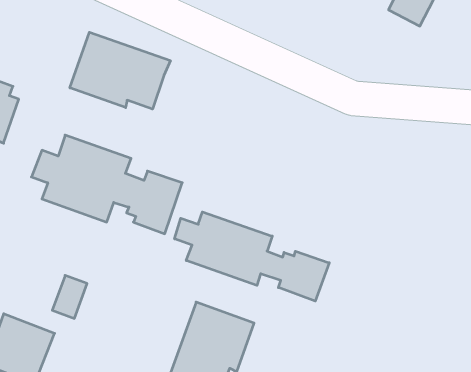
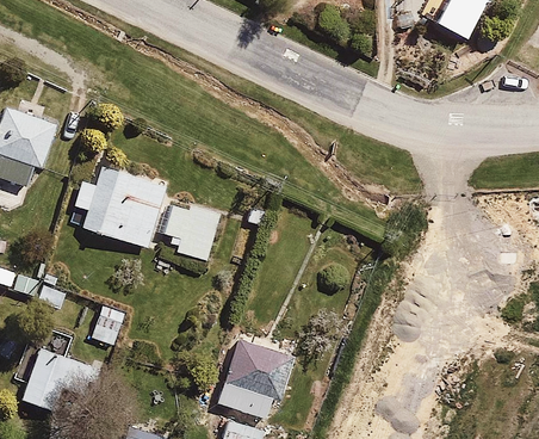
building: [70,32,170,109] -> none
building: [175,212,329,301] -> none

